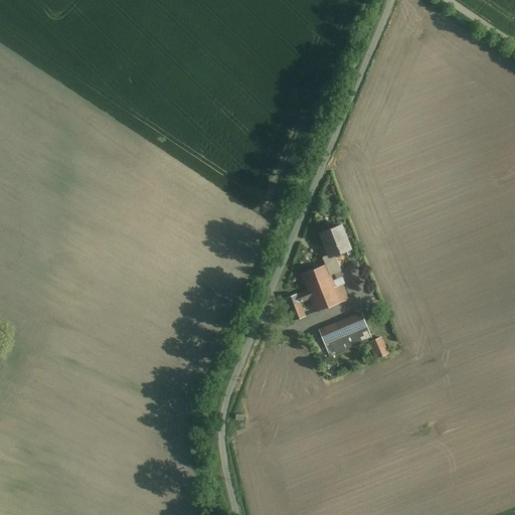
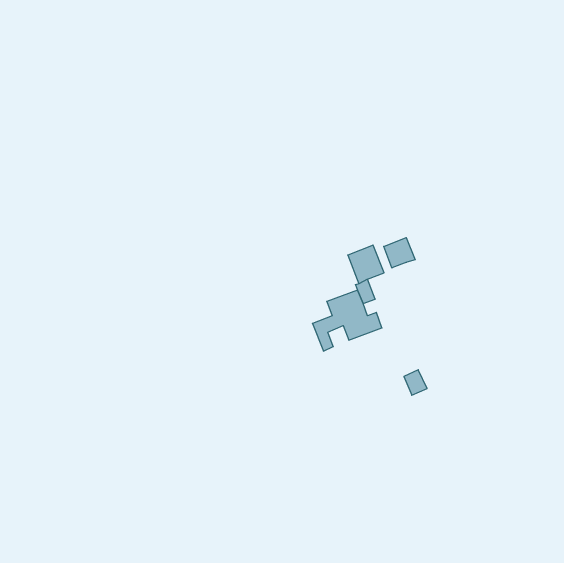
building: none -> [384,238,415,268]
building: [318,312,371,355] -> none

